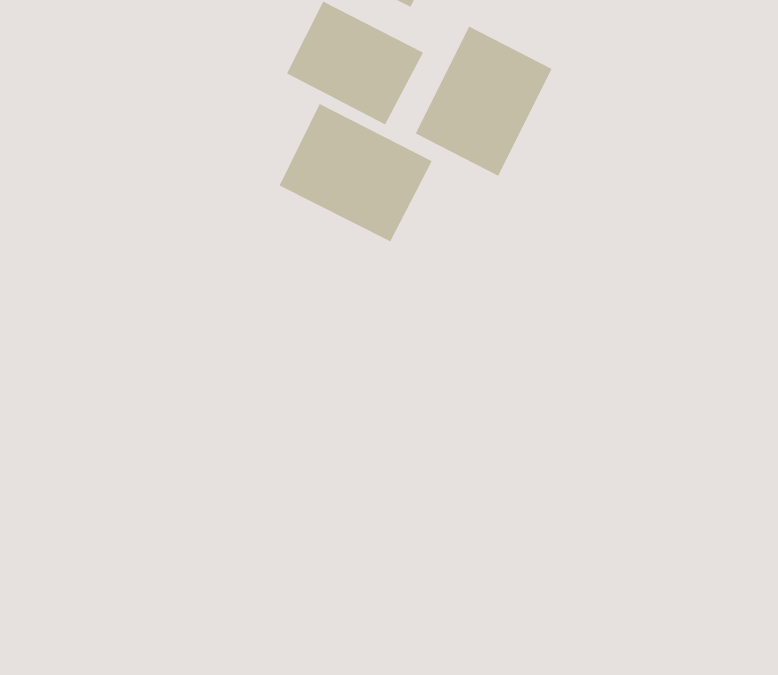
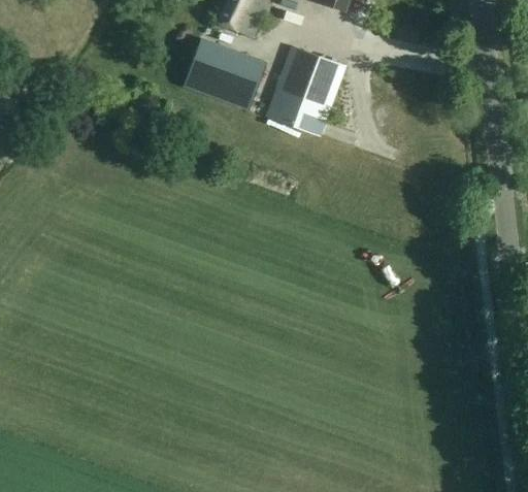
building: [279,103,433,242] -> none

